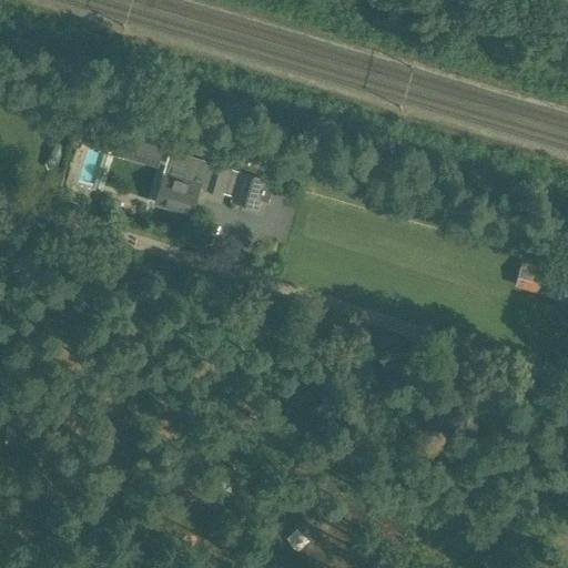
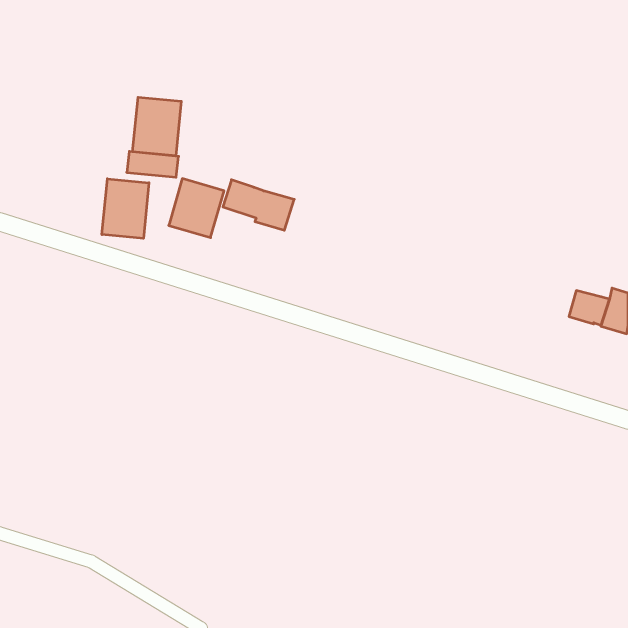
building: none -> [133,97,181,156]
building: none -> [102,179,149,238]

